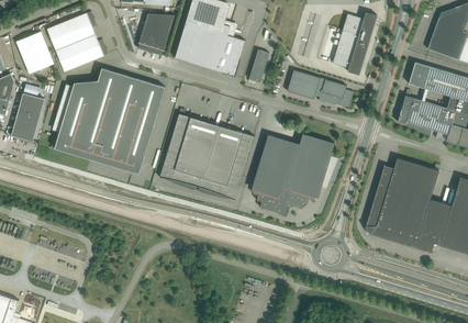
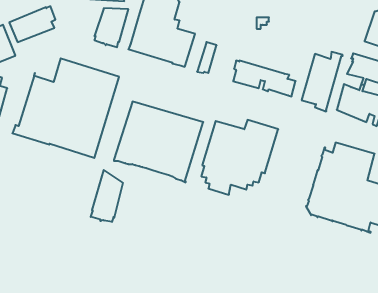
building: [333,11,377,75] -> [302,52,343,111]
building: [56,34,109,71] -> none
building: none -> [91,170,123,222]

